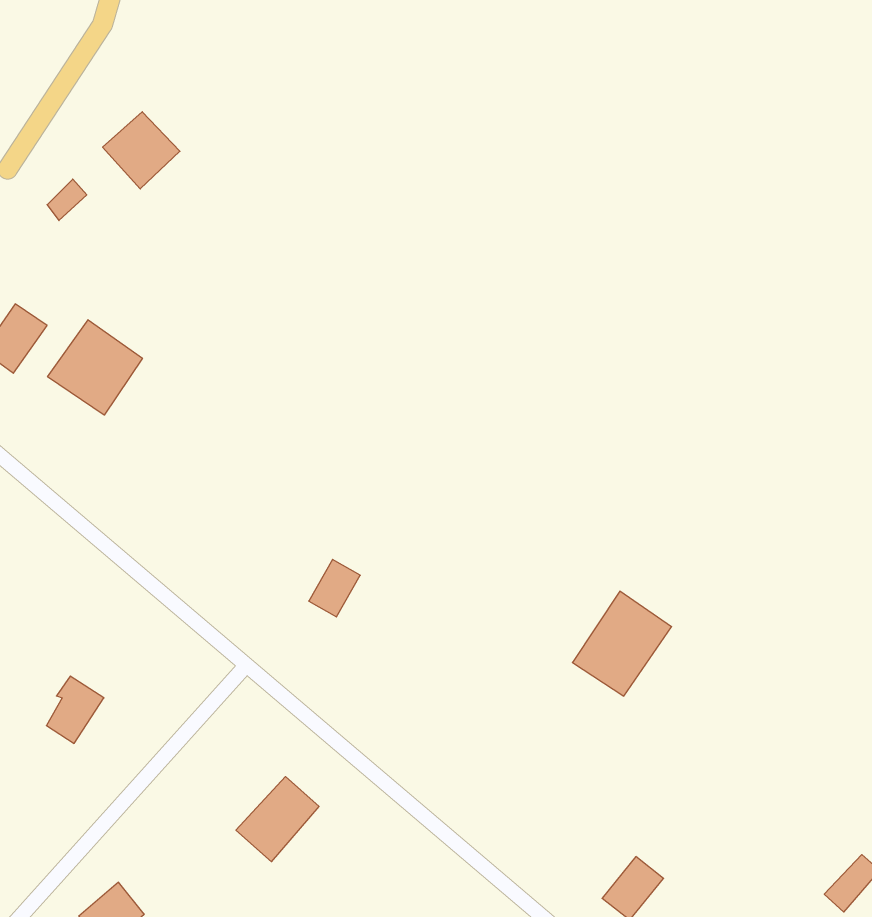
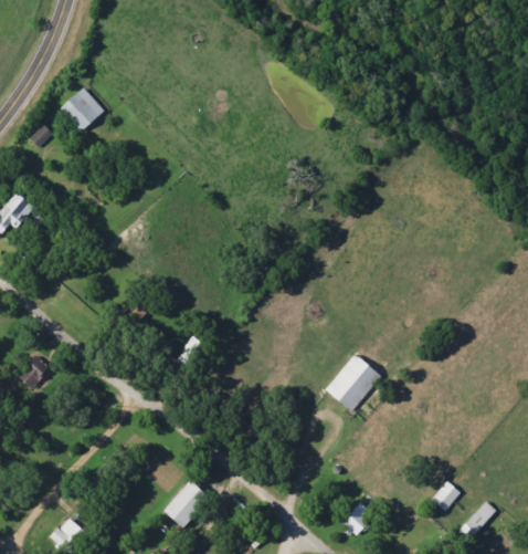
building: [48,320,142,415] -> none
building: [46,676,104,743] -> [21,354,53,391]
building: [236,777,319,862] -> [160,481,207,529]
building: none -> [431,481,460,512]

